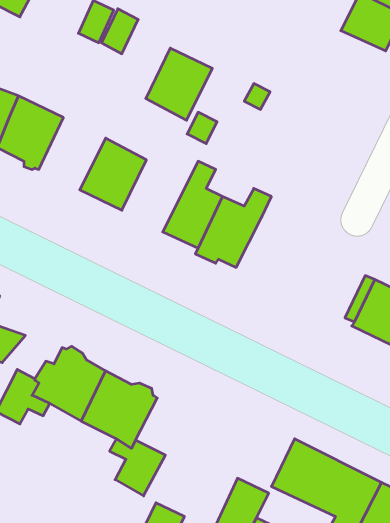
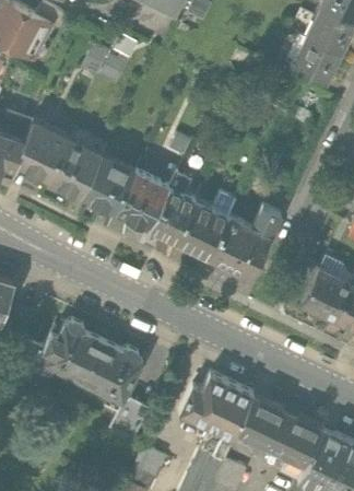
building: [146,48,212,120] -> [116,172,169,230]
building: none -> [49,138,103,196]
building: none -> [208,209,281,279]
building: none -> [180,375,255,440]

